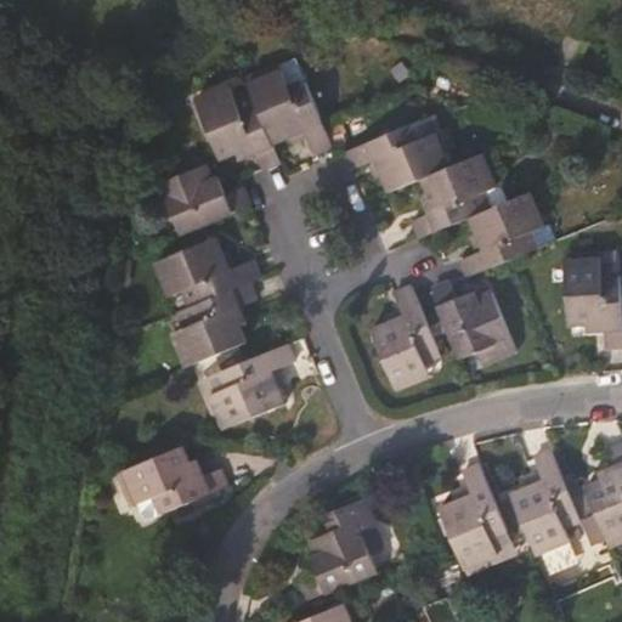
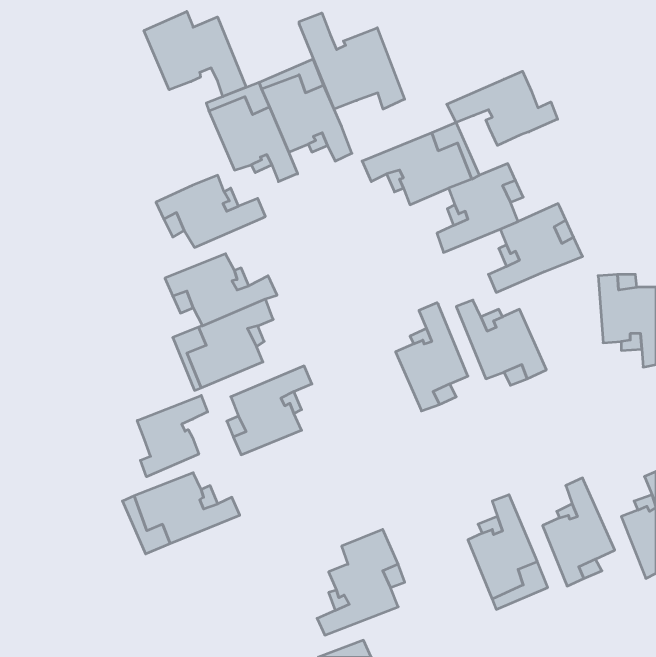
building: none -> [144,11,246,97]
building: none -> [299,13,405,109]
building: none -> [447,71,558,145]
building: none -> [137,395,208,477]

